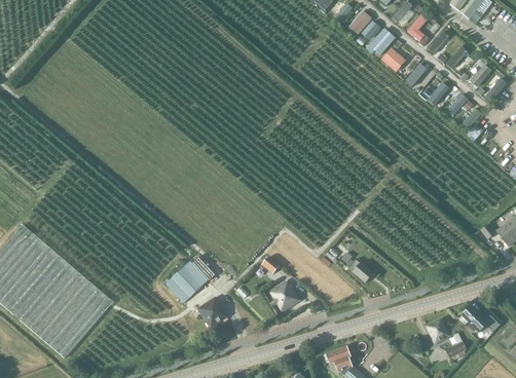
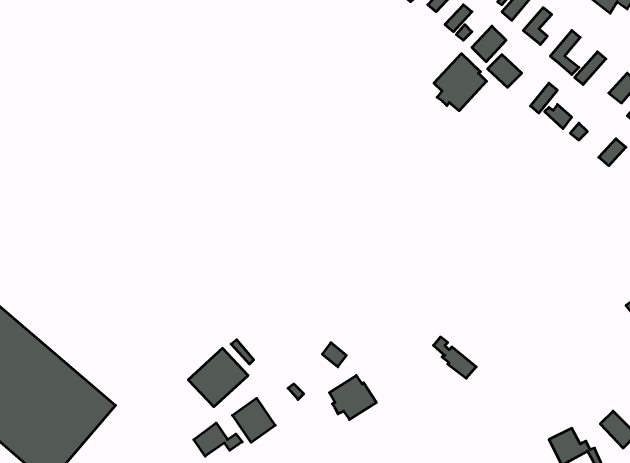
building: none -> [434,54,487,111]
building: none -> [194,423,242,456]

